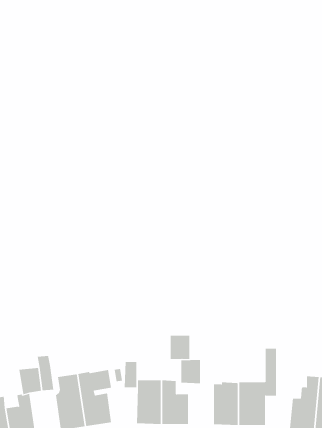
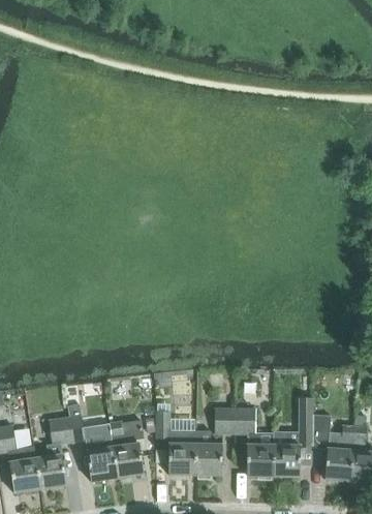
building: [170,335,190,359] -> [234,409,254,433]
building: none -> [311,414,330,448]

